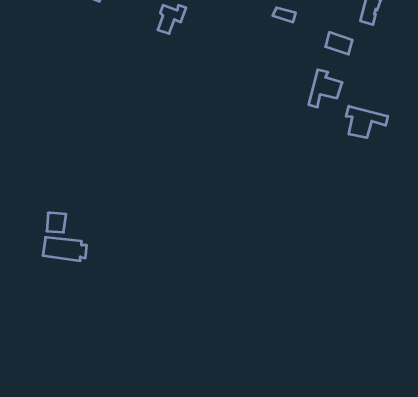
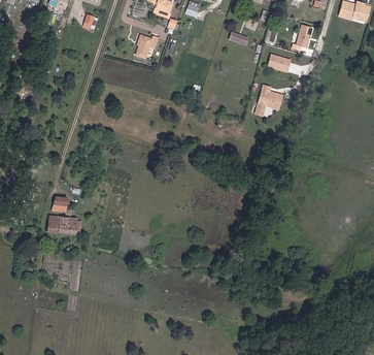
building: [346,106,388,138] -> none

